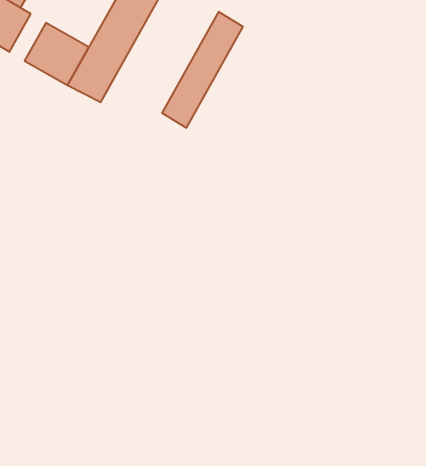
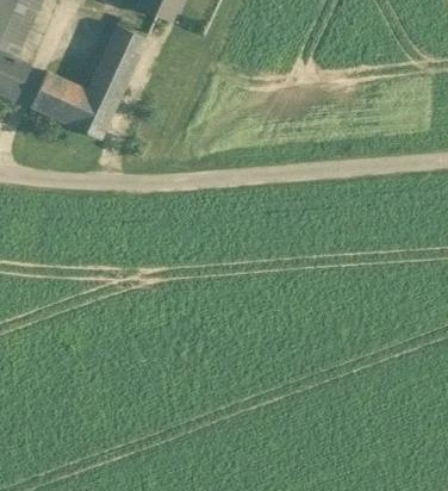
building: [162,12,243,128] -> none

